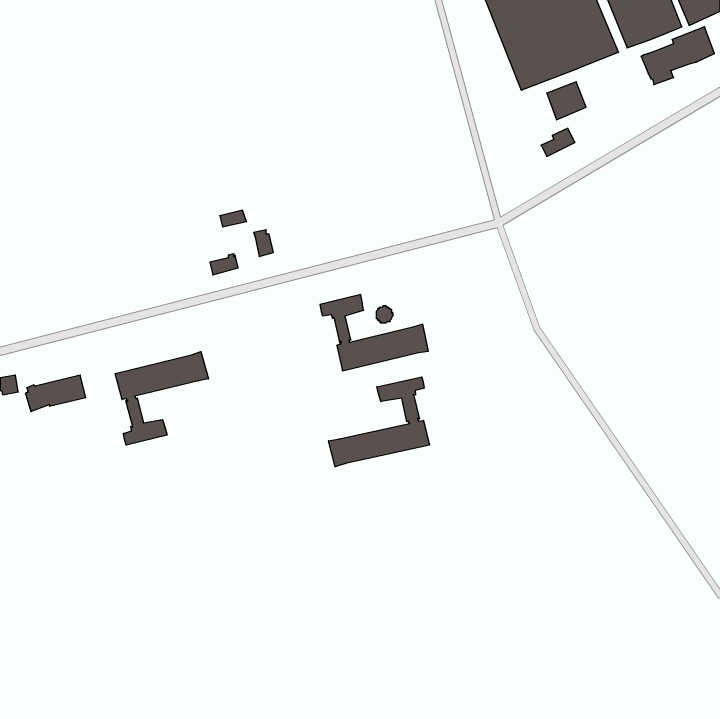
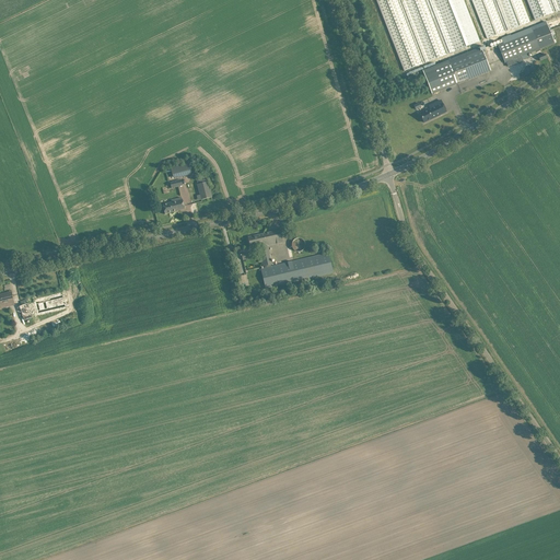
building: none -> [450,49,490,83]
building: [115,352,208,445] -> none
building: [329,377,429,467] -> none

